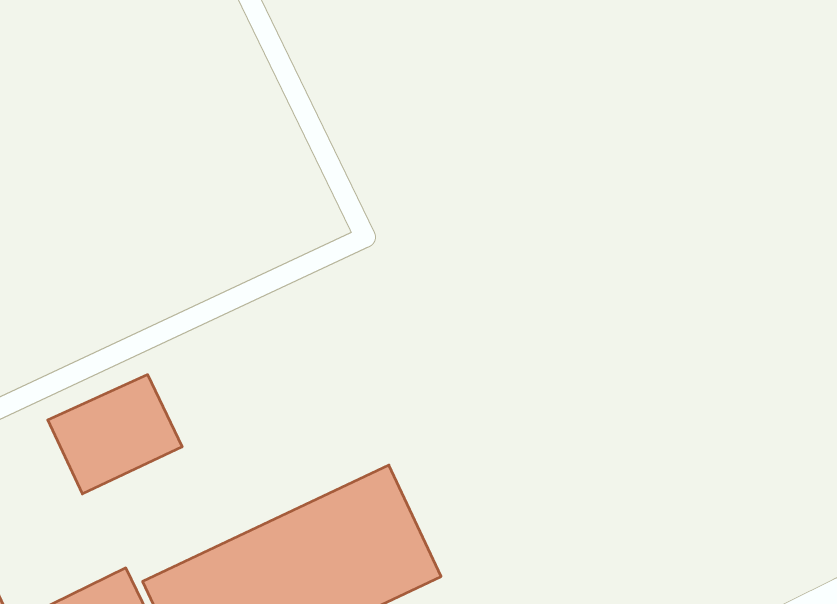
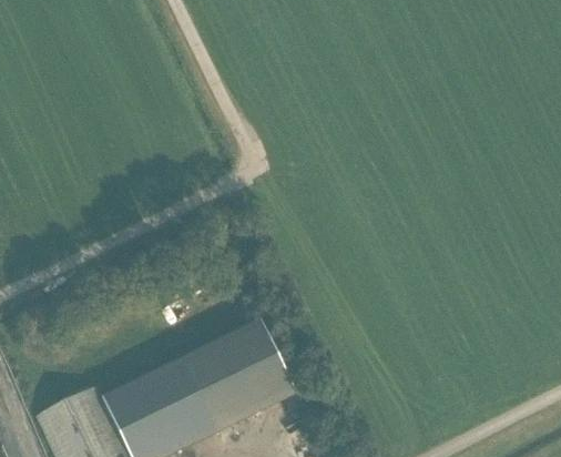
building: [48,375,182,494] -> none

